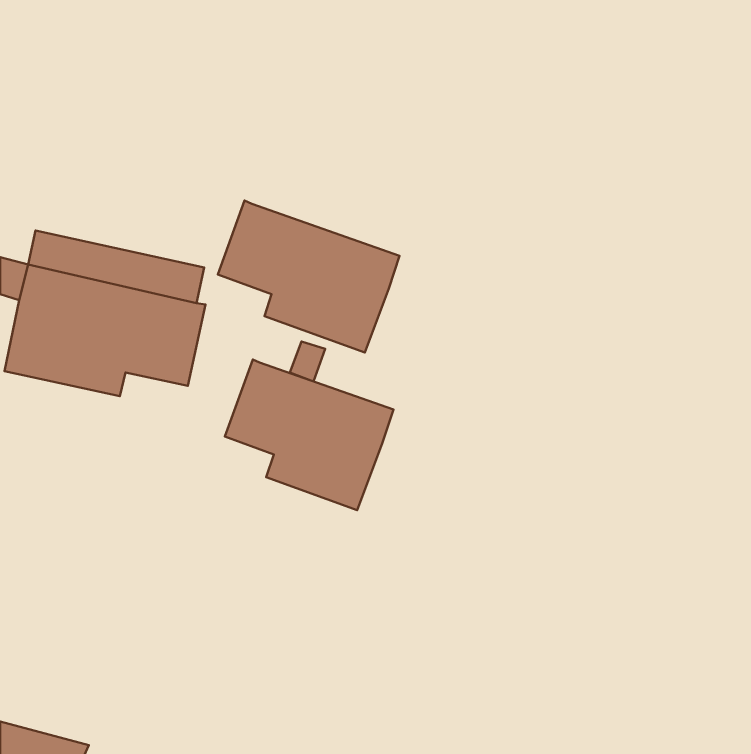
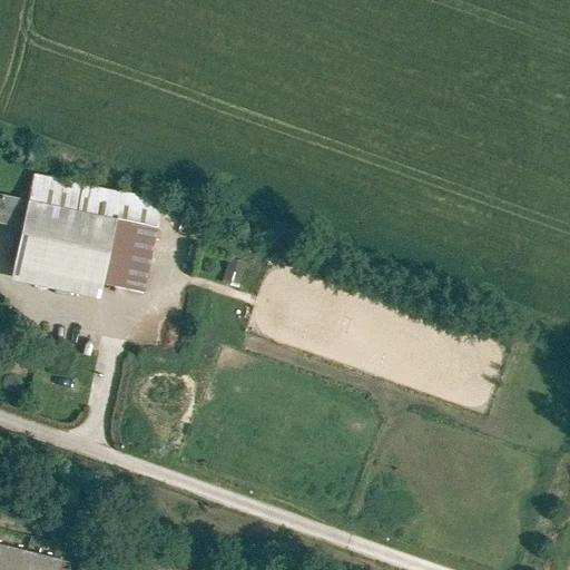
building: [218,201,400,353] -> none
building: [225,360,394,510] -> none

